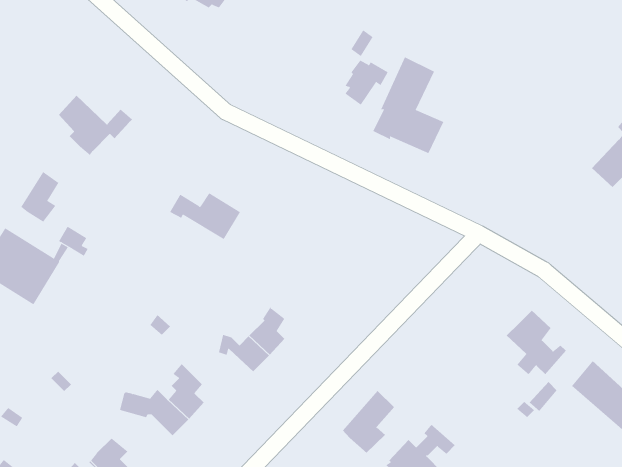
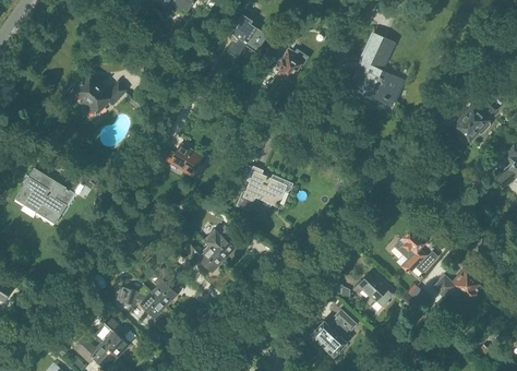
building: none -> [226,14,267,58]
building: [372,56,444,154] -> [350,32,401,101]
building: [21,171,59,223] -> none
building: none -> [236,167,291,211]
building: none -> [353,275,393,307]
building: [342,390,395,453] -> none

